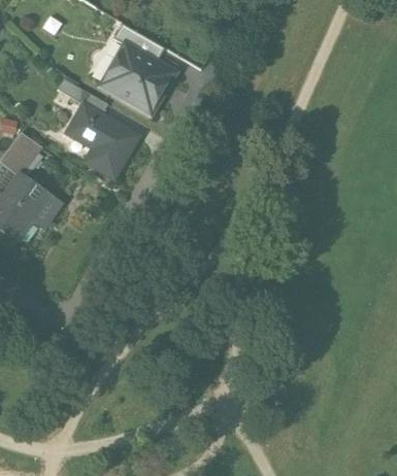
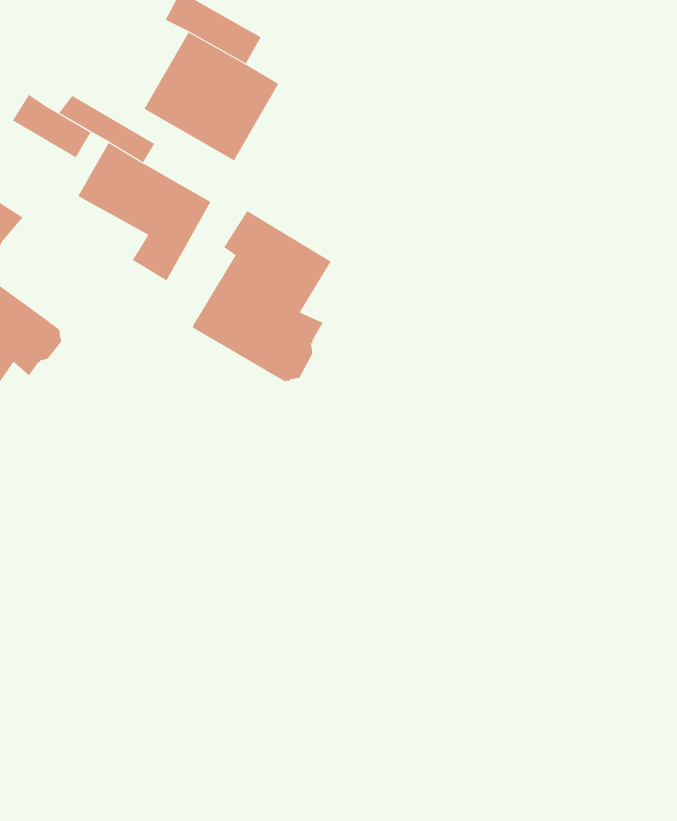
building: none -> [12,94,91,158]
building: none -> [192,210,332,383]

